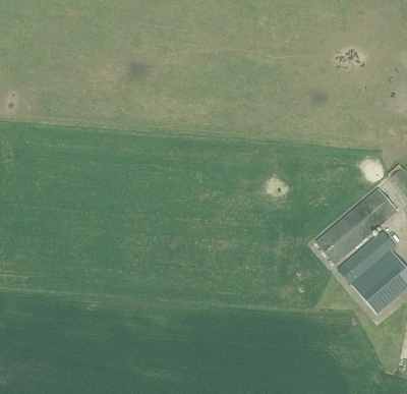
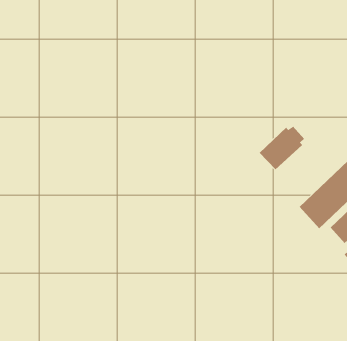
building: none -> [259,126,305,170]

